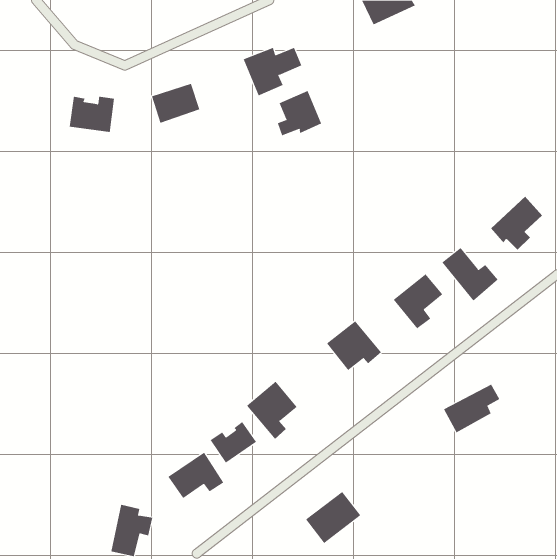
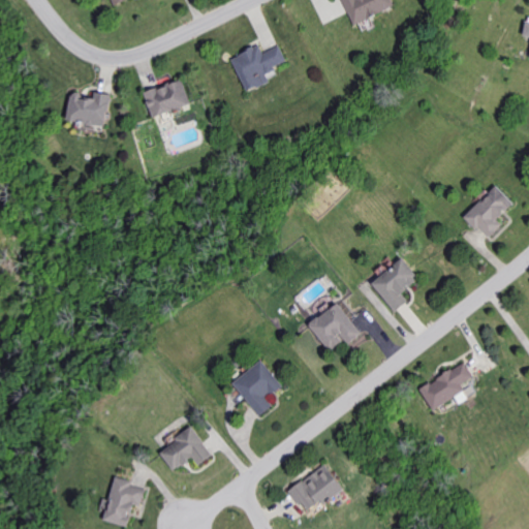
building: [277,90,322,136] -> none
building: [441,247,499,301] -> none
building: [210,421,257,463] -> none

